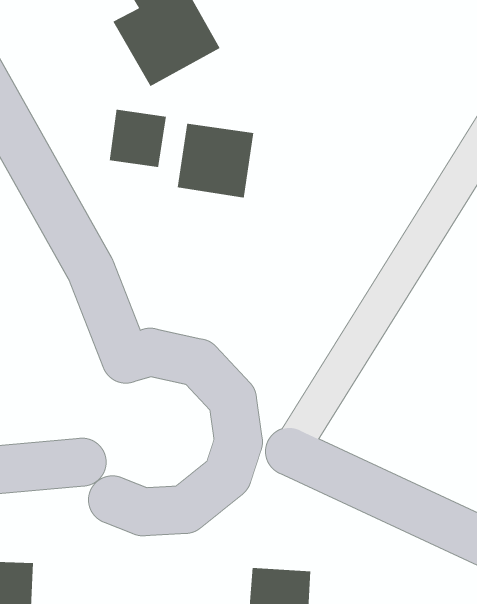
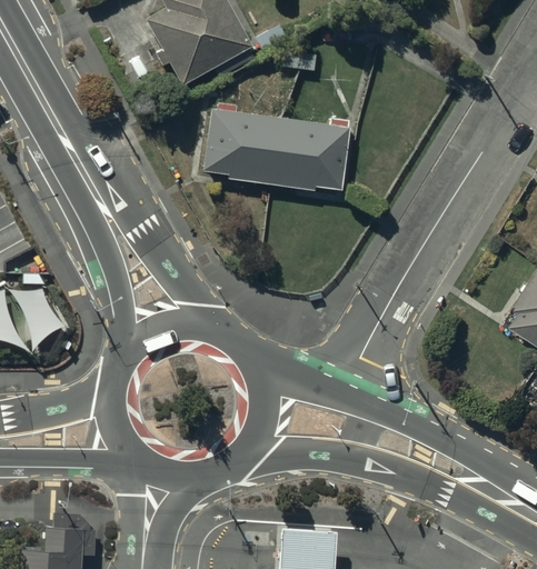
building: [109,109,167,168] -> none
building: none -> [274,124,349,194]

